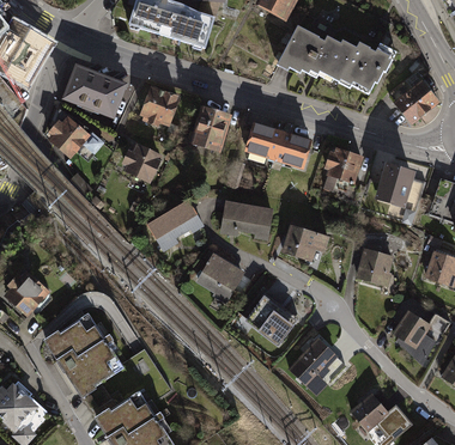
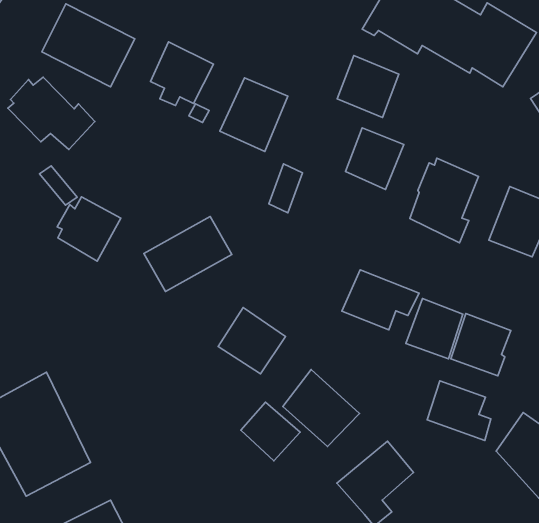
building: [243,120,283,159] -> [337,56,399,117]
building: [121,141,163,183] -> [57,197,121,261]
building: [220,199,273,240] -> none
building: none -> [406,298,463,359]
building: none -> [427,381,491,441]
building: none -> [241,402,300,461]

